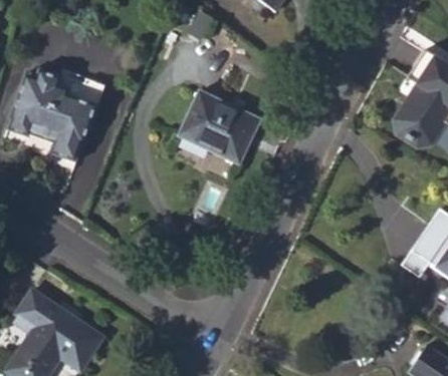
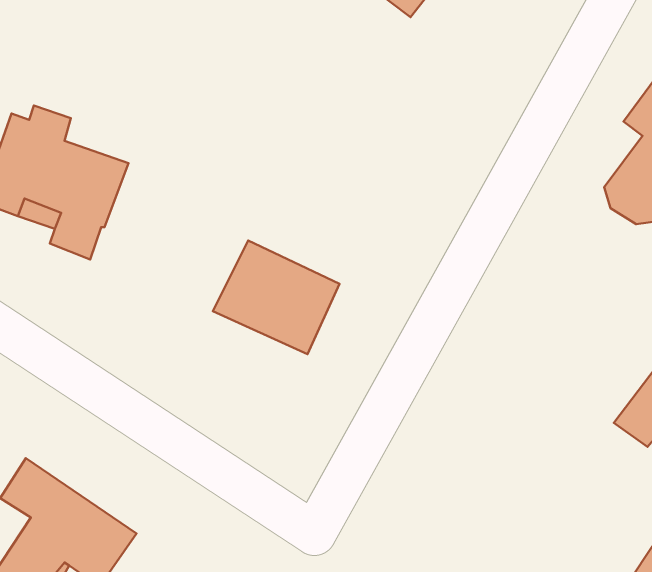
building: [57,74,104,103] -> none
building: [179,91,258,162] -> [213,240,339,354]

